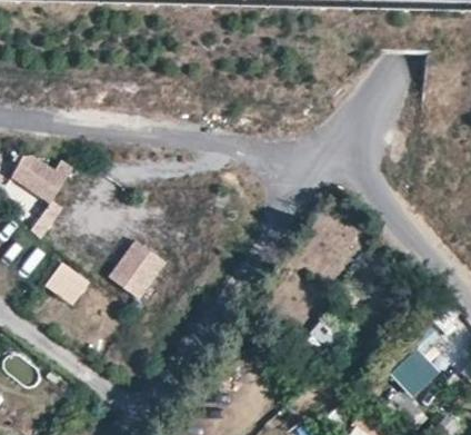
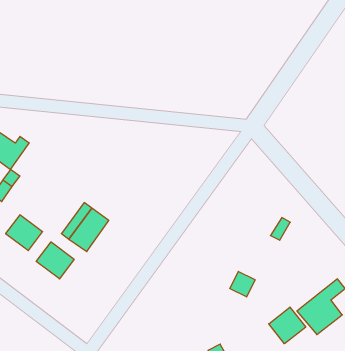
building: none -> [36,242,74,279]
building: none -> [269,307,306,344]

